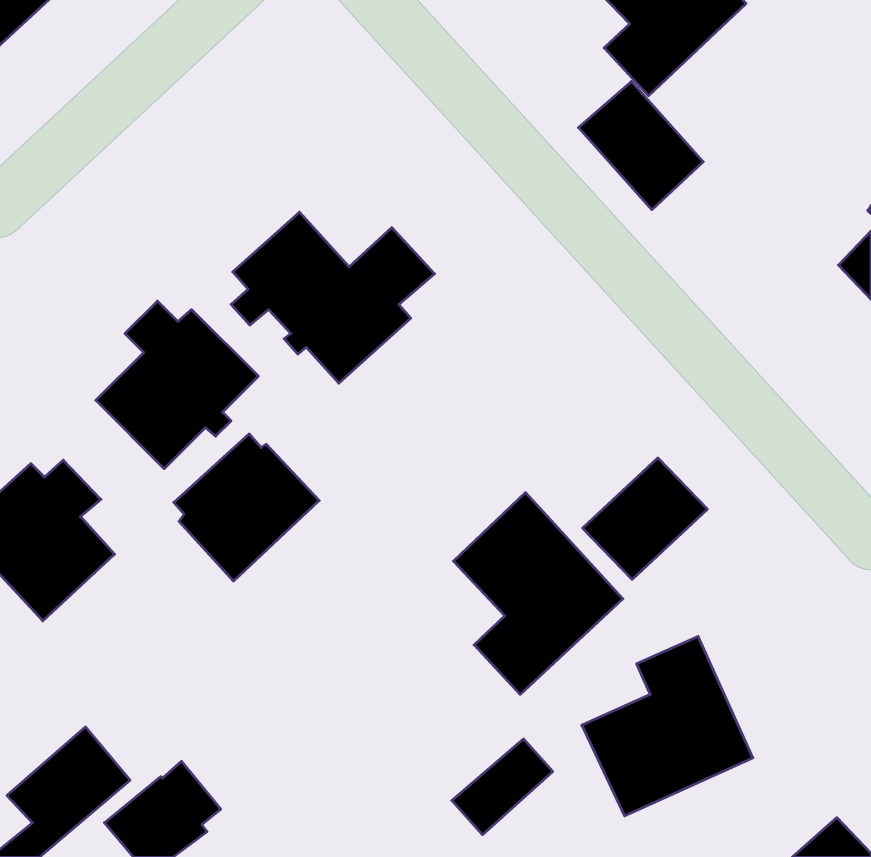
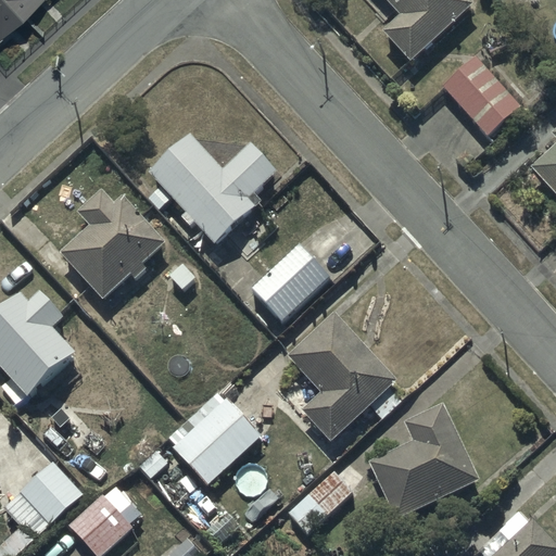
building: [578,81,703,210] -> [441,54,520,136]
building: [174,434,319,581] -> [168,391,261,484]
building: [583,458,707,579] -> [251,243,330,320]

